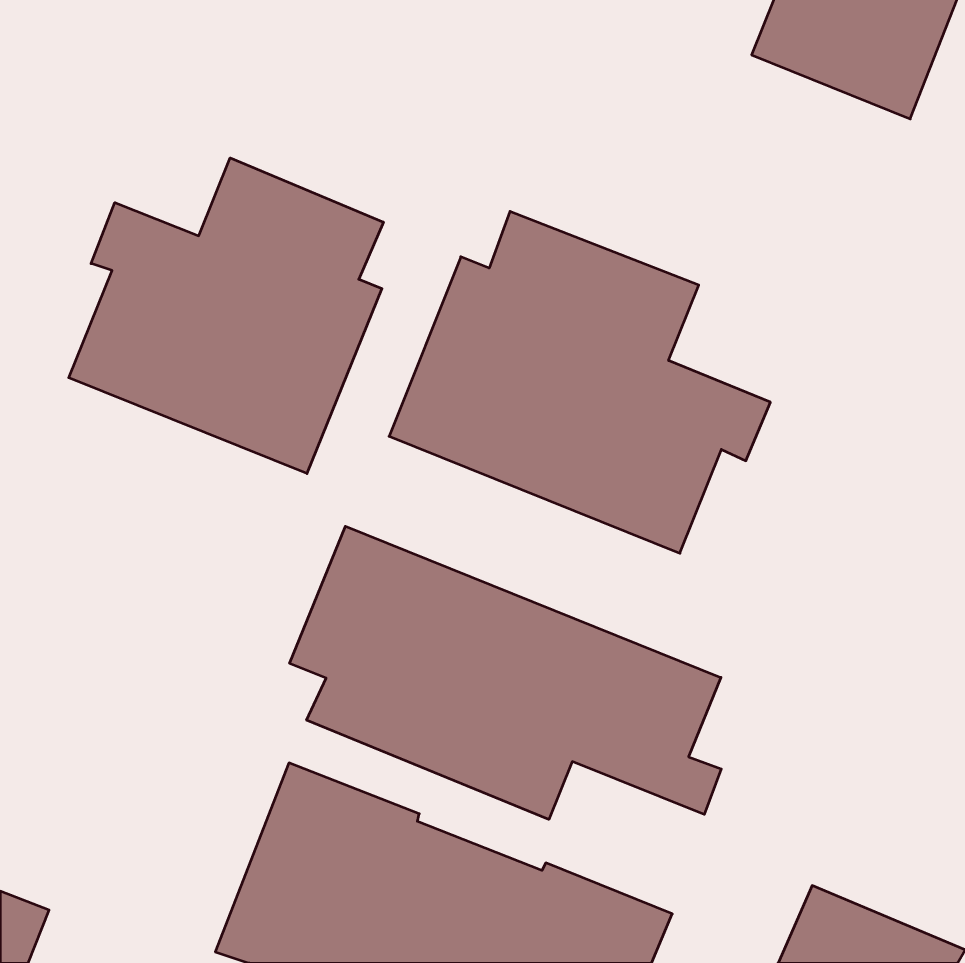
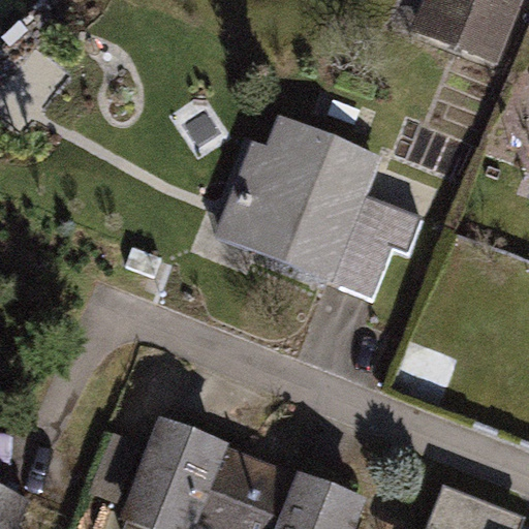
building: [69,158,383,474] -> none
building: [290,526,721,819] -> none

